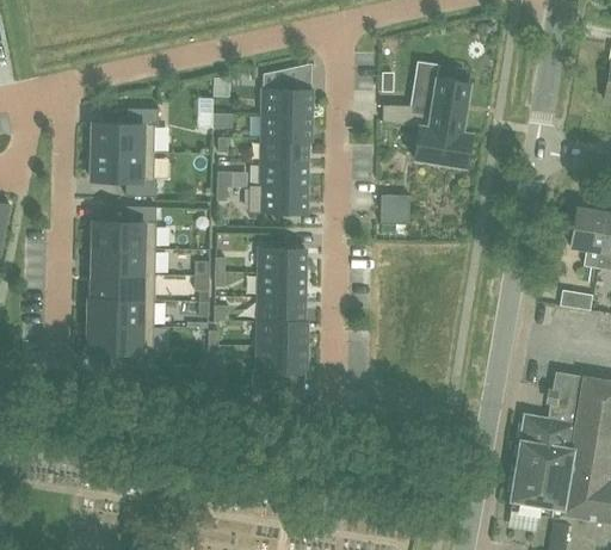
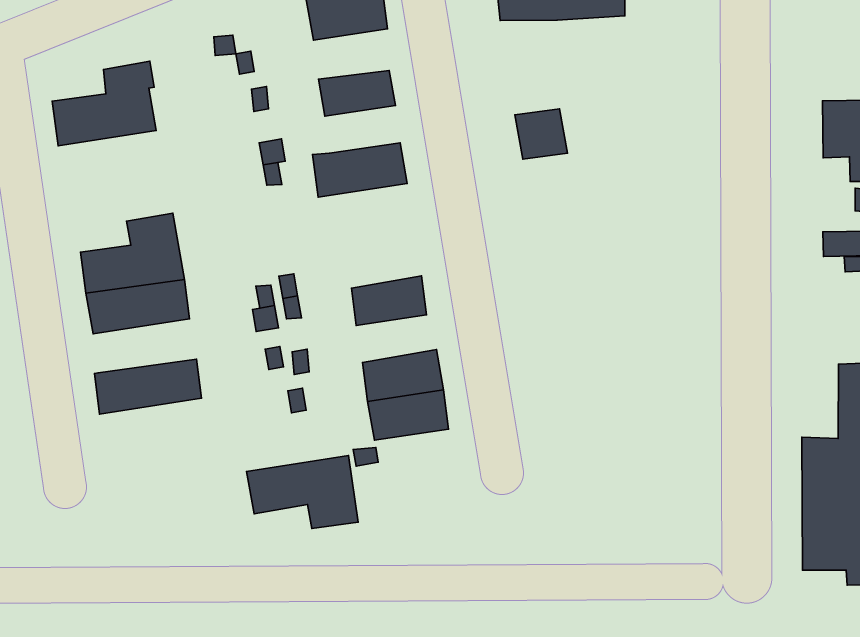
building: [261,113,310,141] -> none
building: [413,128,470,167] -> none
building: [91,152,156,197] -> none
building: [260,162,307,187] -> none
building: [259,247,304,273] -> none
building: [91,273,154,301] -> none
building: [258,297,303,321] -> none
building: [87,325,153,369] -> [247,455,358,528]

